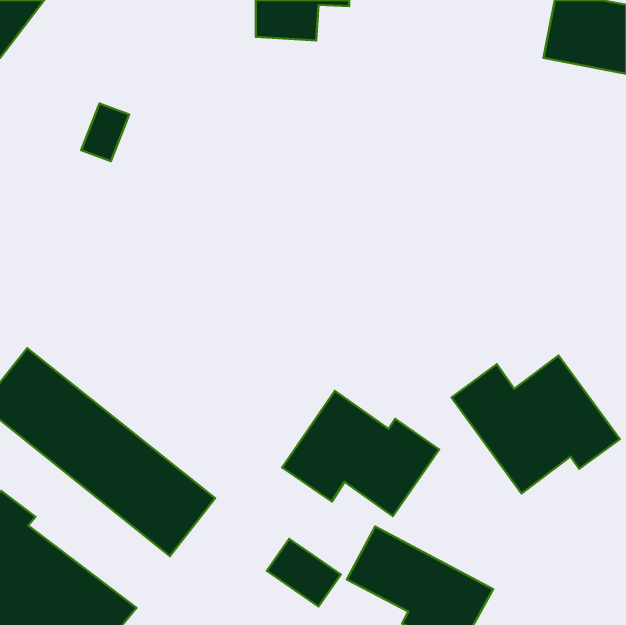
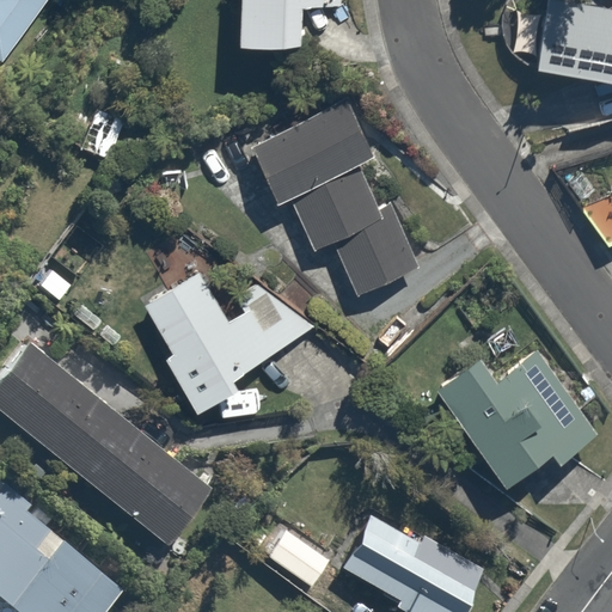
building: none -> [256,99,417,298]
building: none -> [148,270,318,410]
building: [282,391,439,516] -> none

